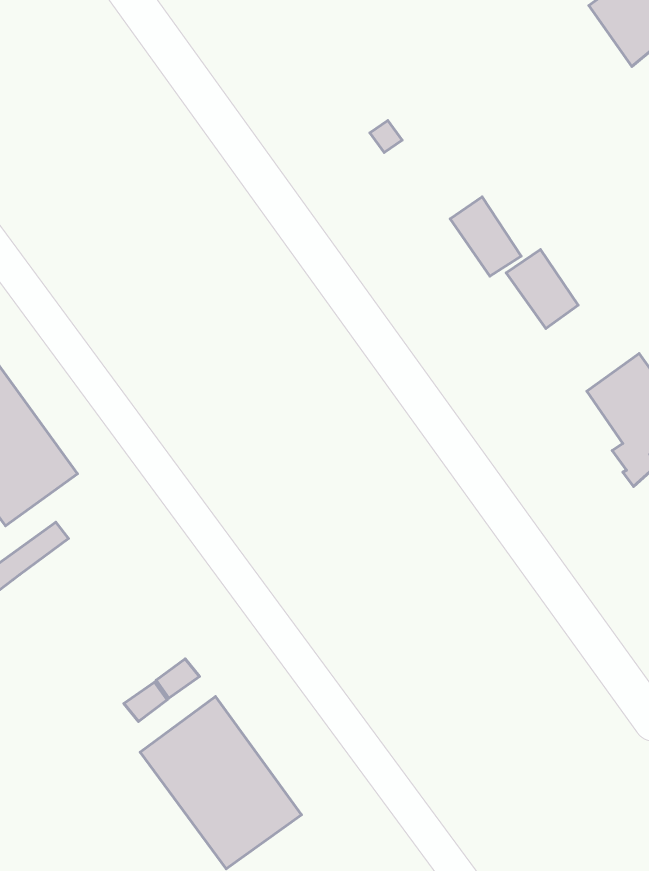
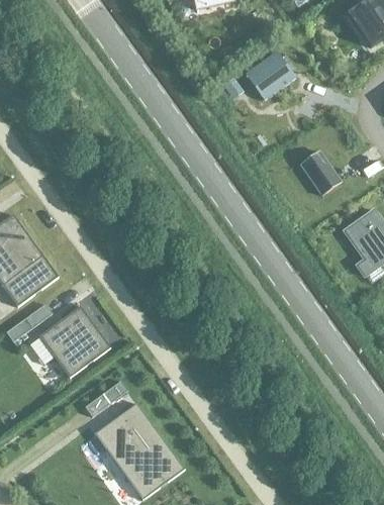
building: none -> [254,50,295,93]
building: [450,197,521,276] -> none
building: none -> [28,306,110,378]

